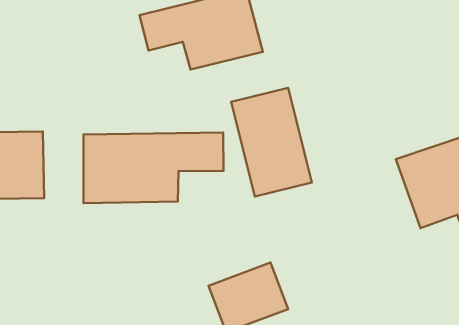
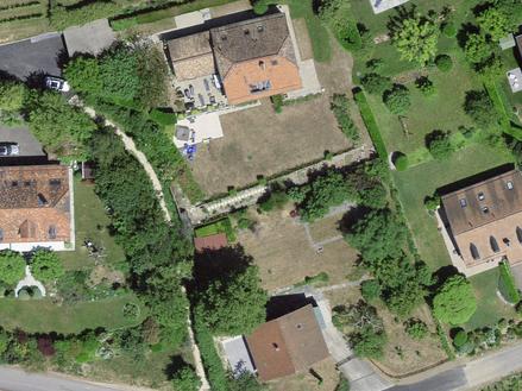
building: [231,88,312,196] -> none
building: [84,133,224,203] -> none

